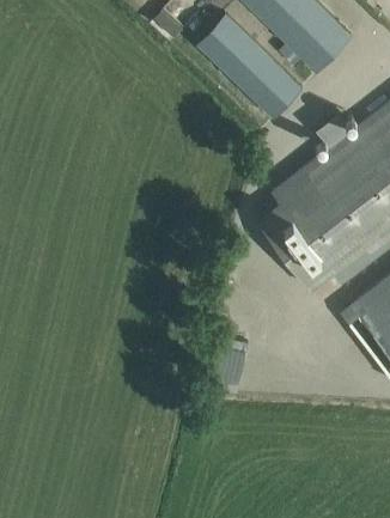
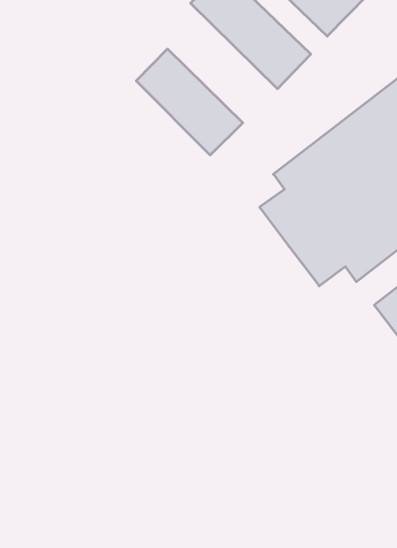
building: none -> [136,49,243,155]

